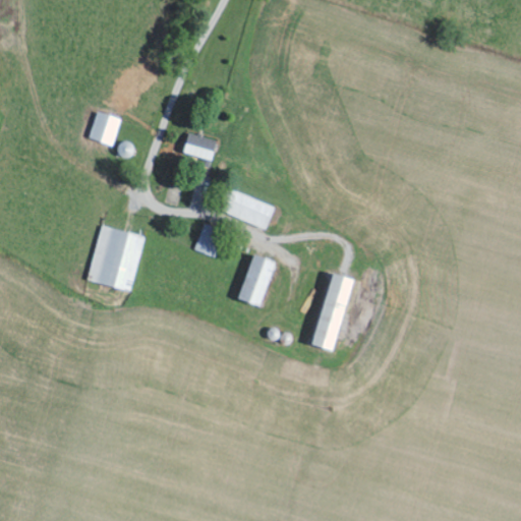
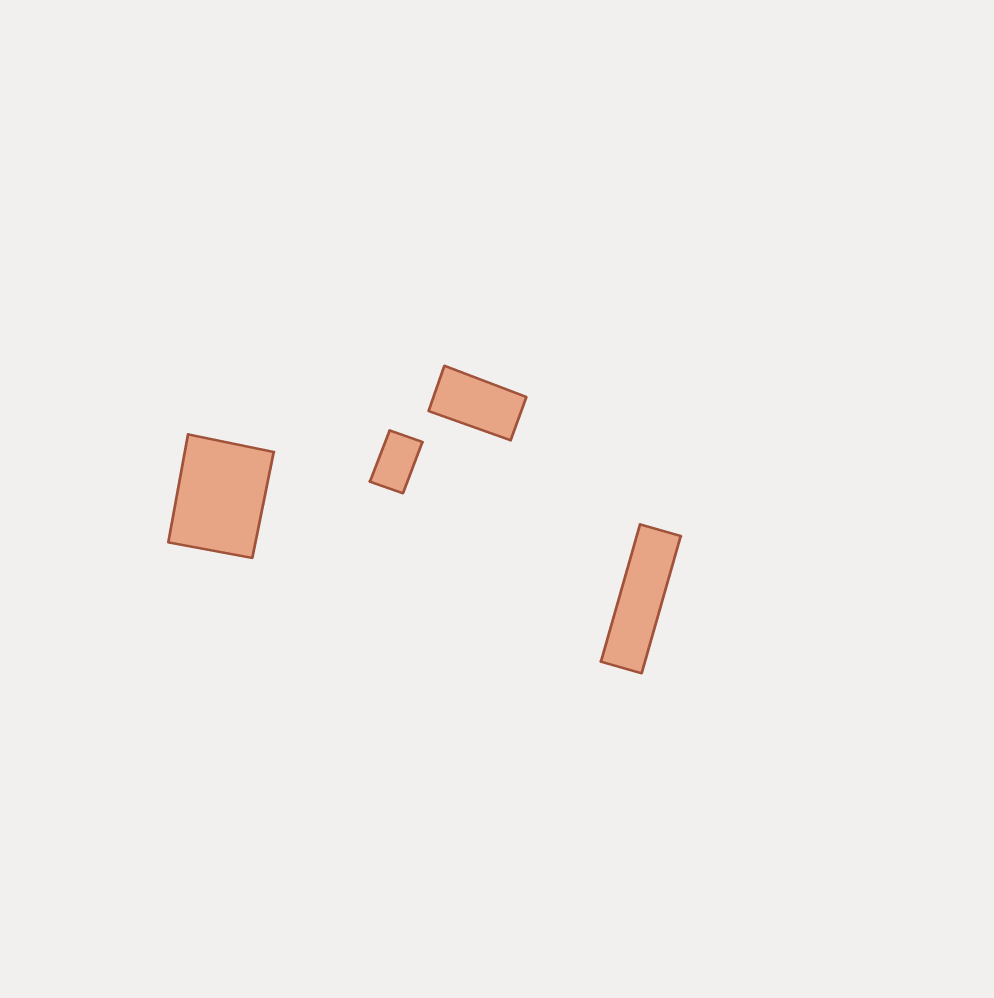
building: [86,111,120,146] -> none
building: [182,133,216,160] -> none
building: [238,253,276,306] -> none

